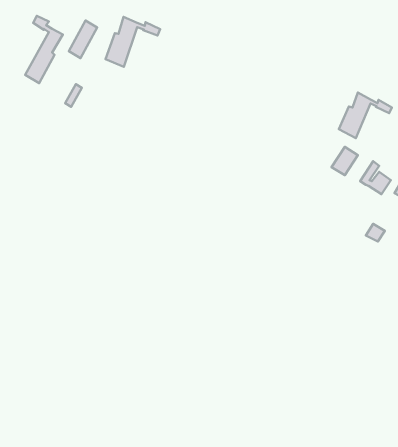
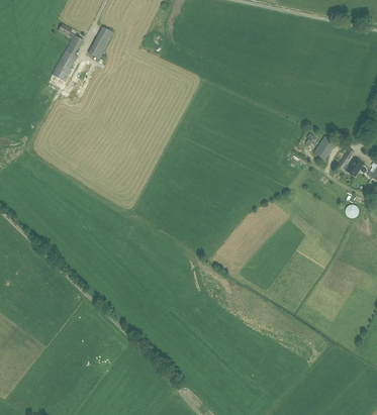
building: [105,17,160,67] -> none
building: [339,93,392,138] -> none

